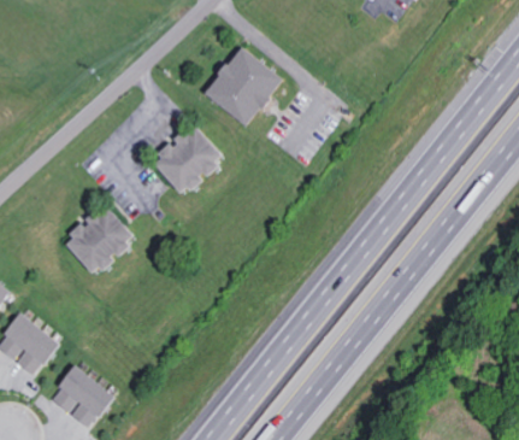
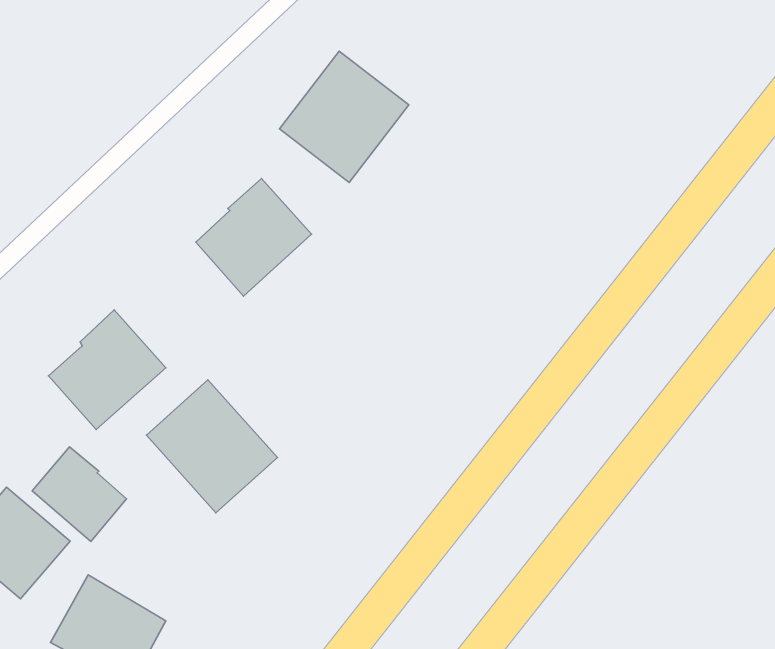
building: none -> [146,380,277,513]
building: none -> [32,447,127,541]

